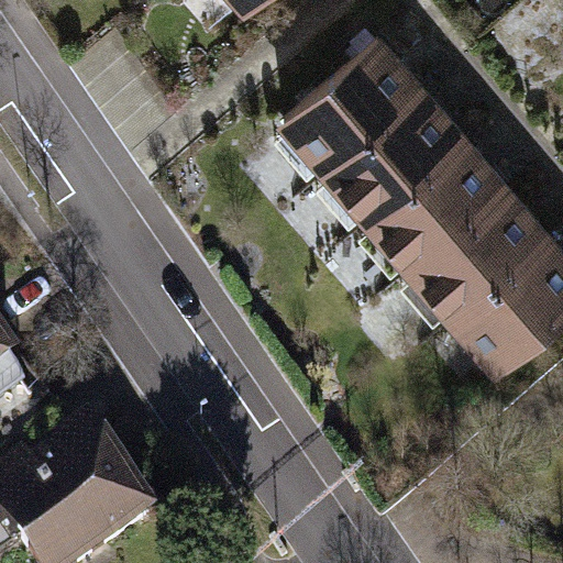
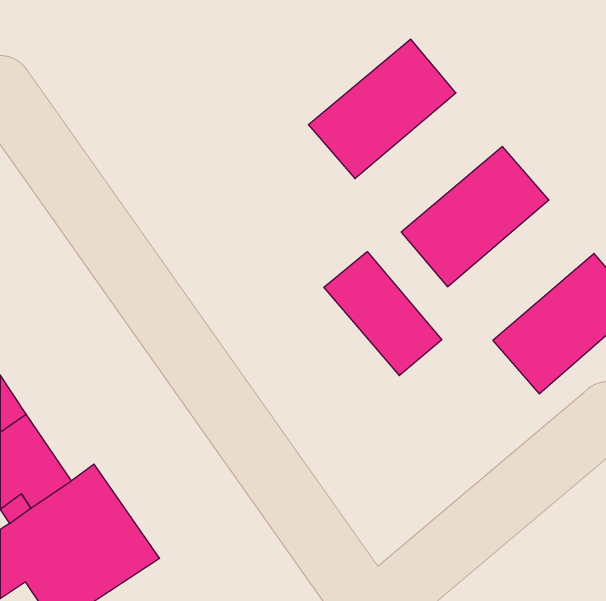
building: [330,92,466,221] -> none
building: [416,191,551,321] -> none
building: none -> [324,252,442,376]

